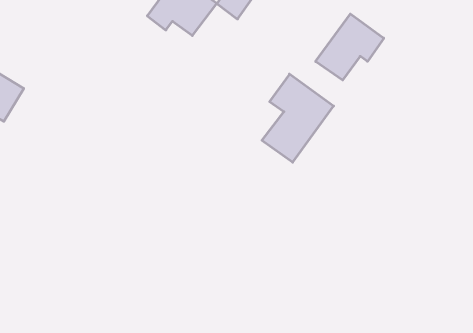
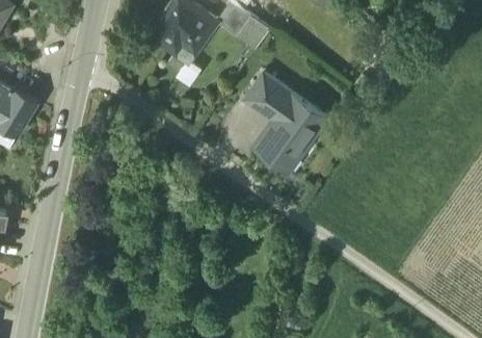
building: [316,14,384,80] -> none
building: none -> [244,74,285,115]

